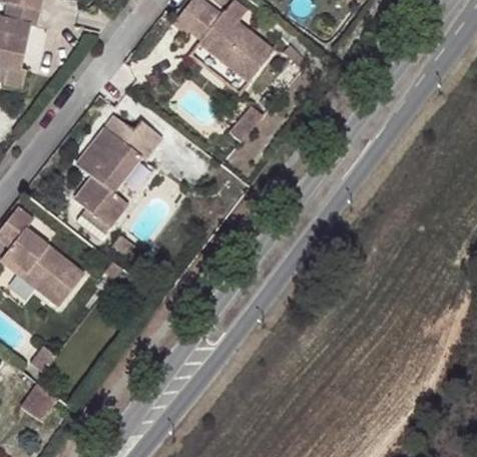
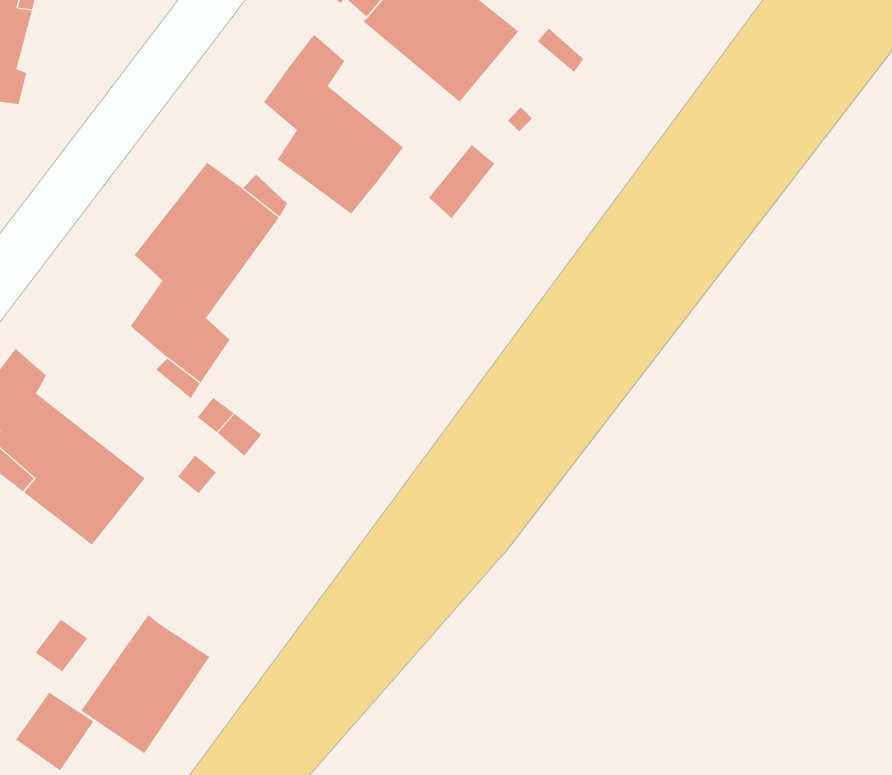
building: none -> [263,34,404,215]
building: none -> [80,614,210,754]

